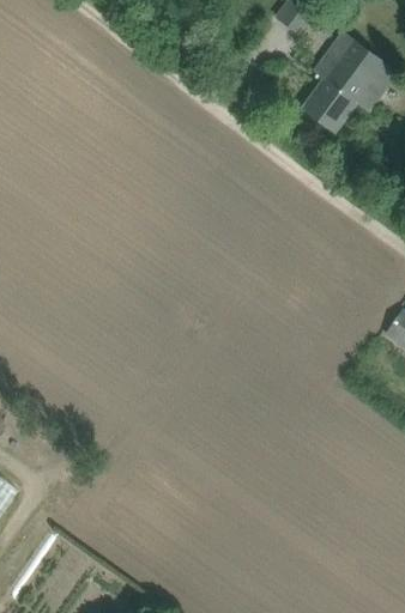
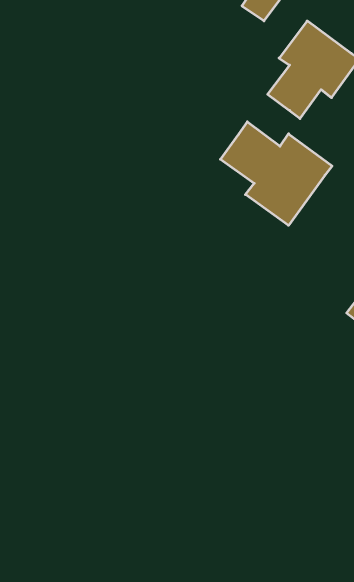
building: none -> [220,122,332,225]

